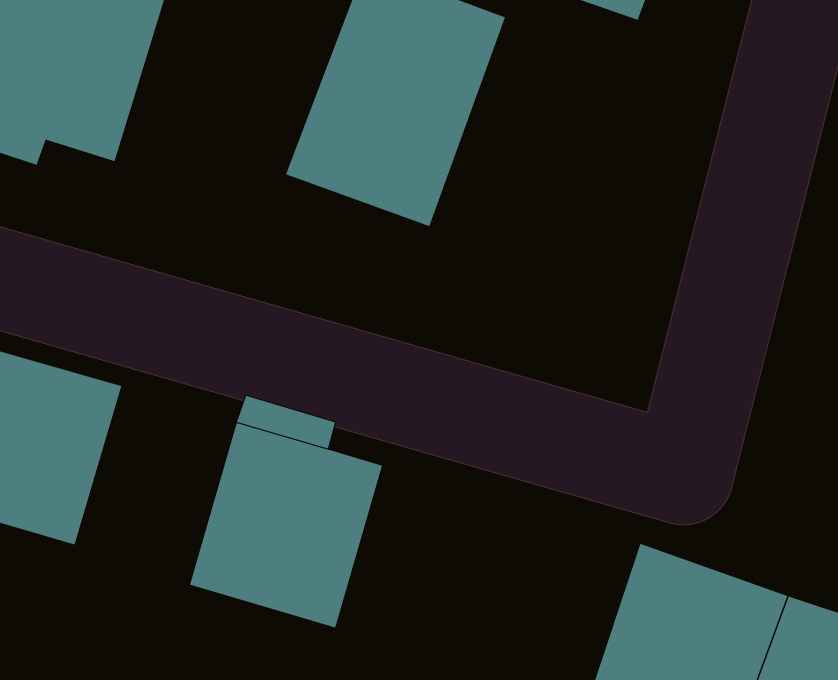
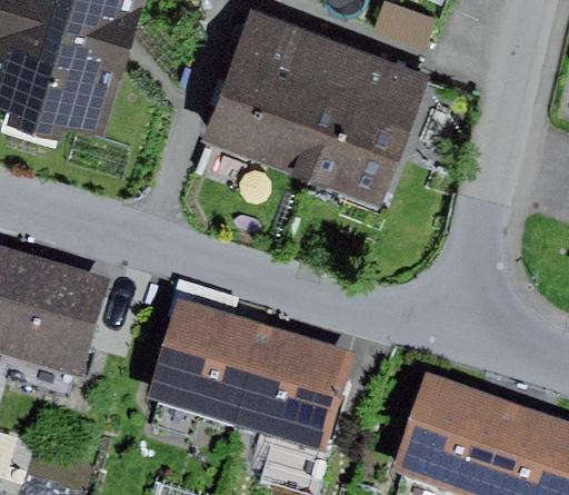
building: none -> [296,49,427,208]
building: none -> [238,325,350,448]

